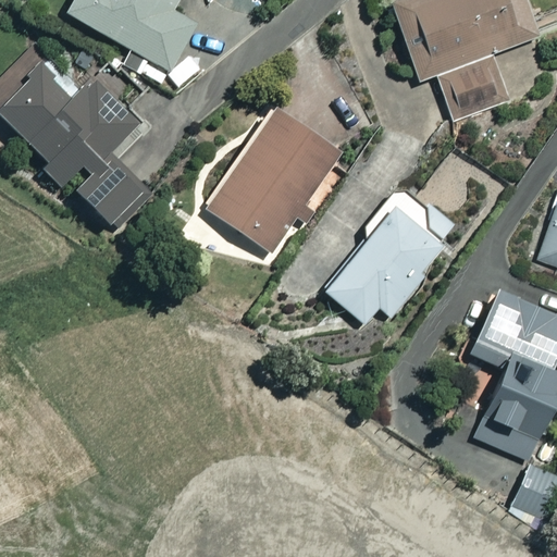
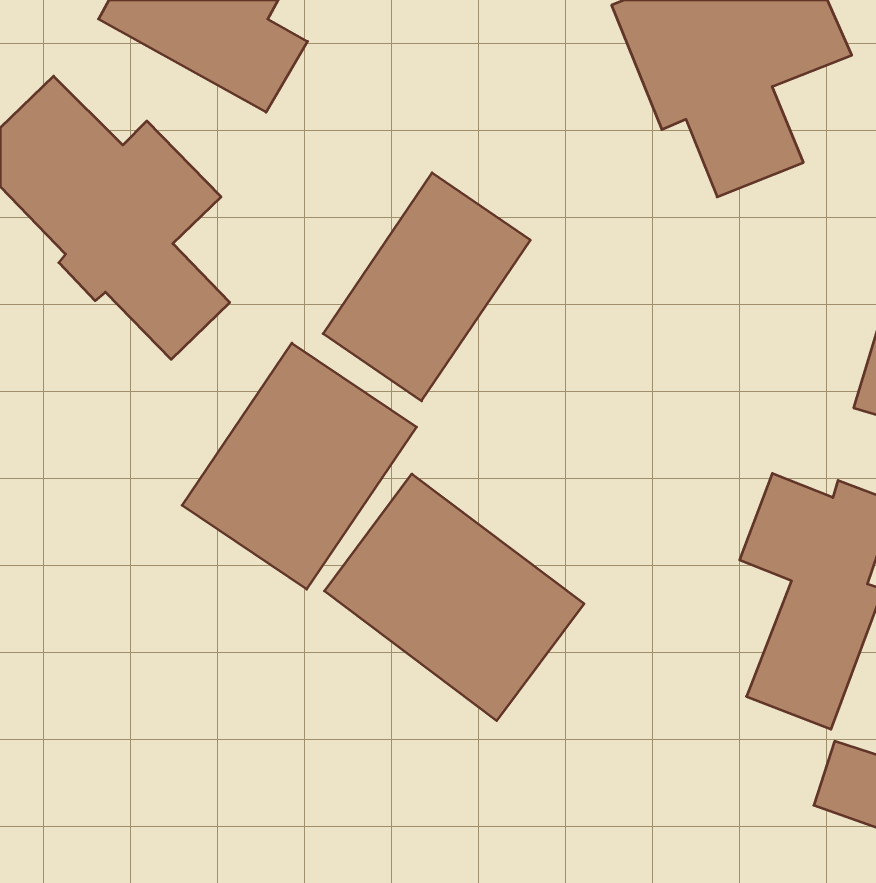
building: [326,184,459,324] -> none
building: none -> [182,343,417,589]
building: none -> [324,474,584,721]

